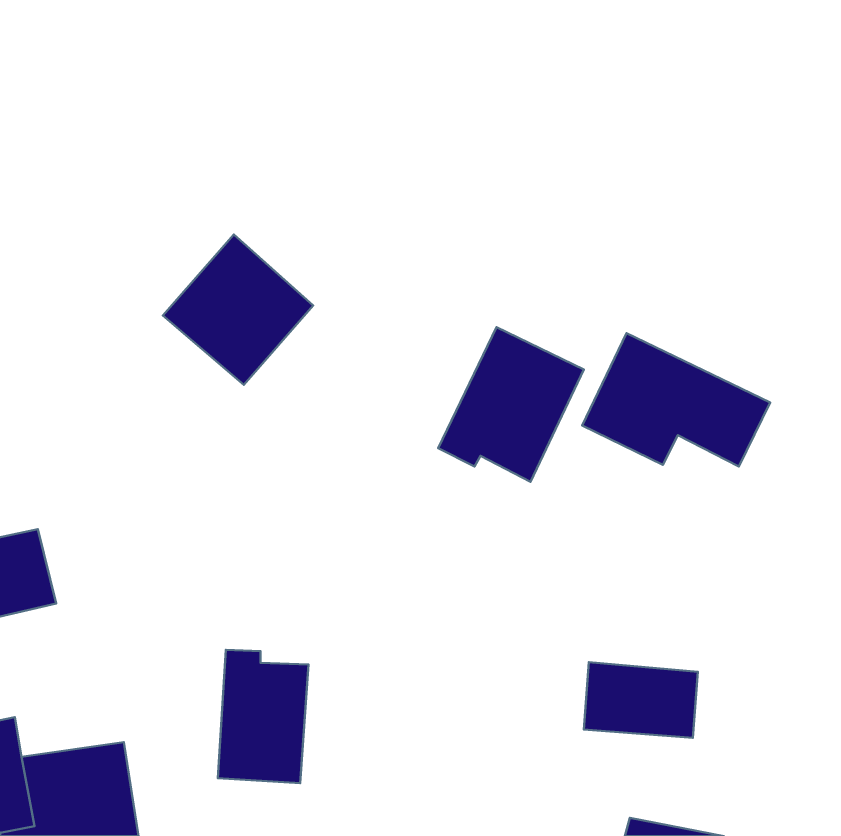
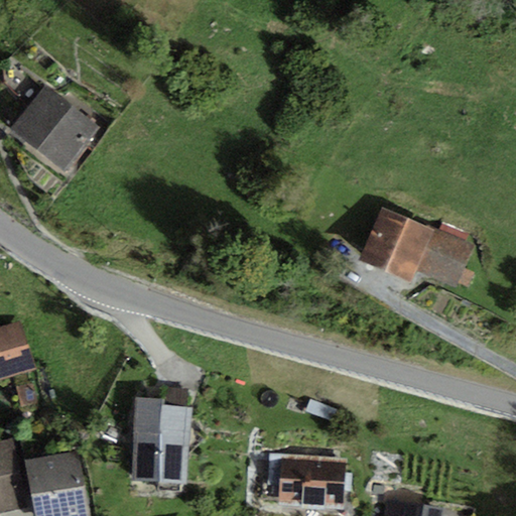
building: [163,235,313,385] -> [5,88,97,179]
building: [438,327,584,482] -> none
building: [584,662,698,738] -> [274,456,344,502]

